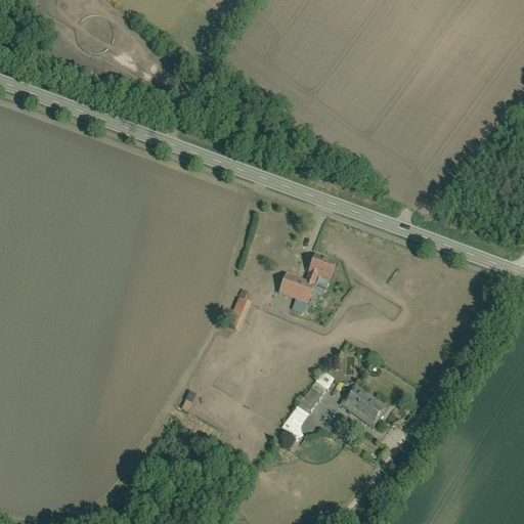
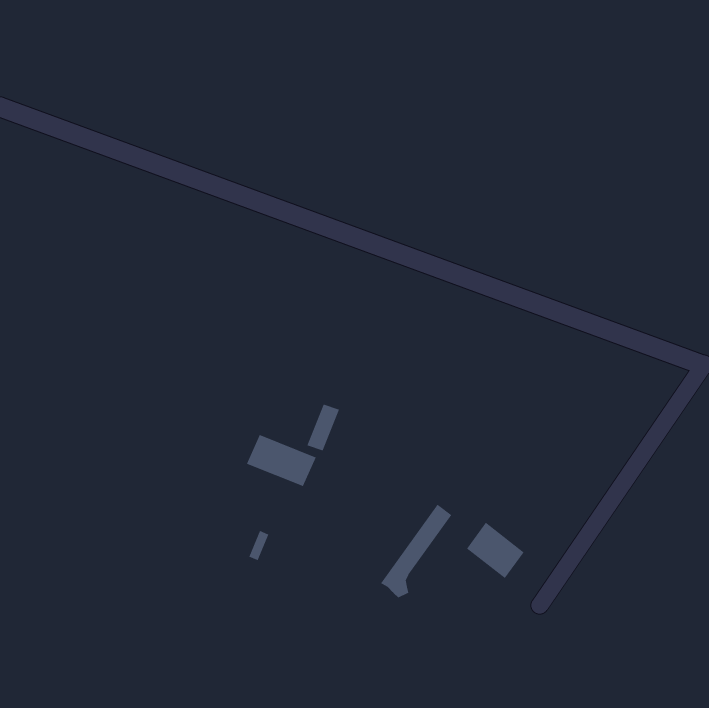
building: [276,254,336,304] -> none
building: none -> [246,434,316,487]

